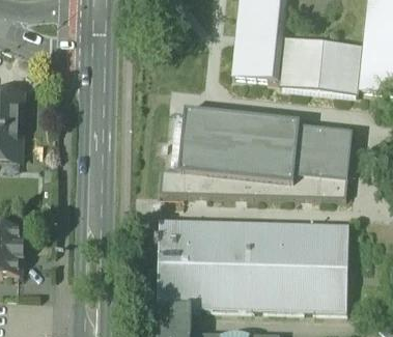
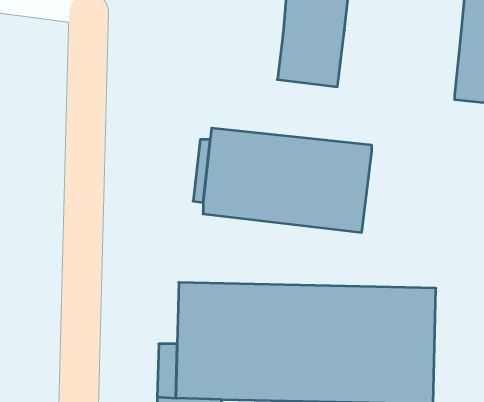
building: [278,36,366,93] -> none
building: [161,127,355,197] -> none

